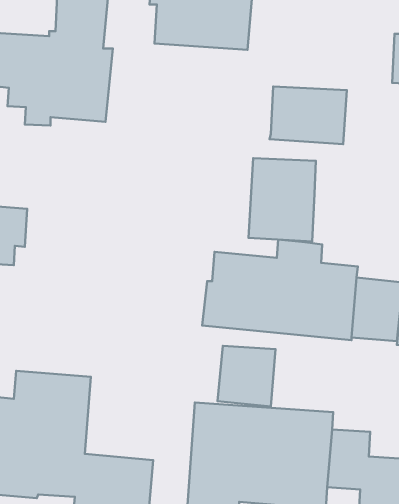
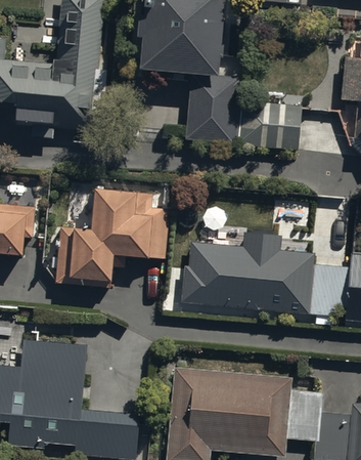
building: [248,158,316,242] -> [184,73,240,142]
building: none -> [55,186,169,288]
building: [217,346,276,406] -> none

